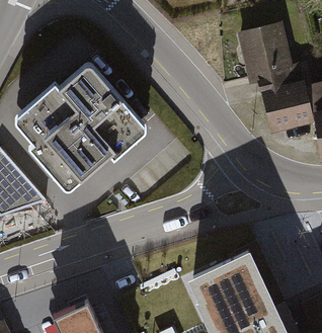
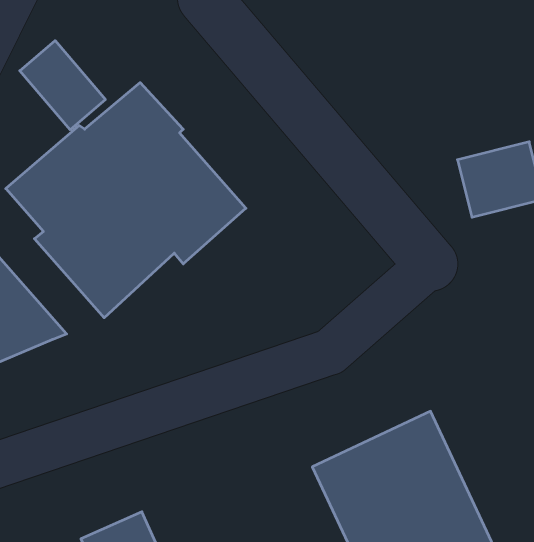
building: [239,25,301,93] -> none
building: none -> [20,41,105,130]

